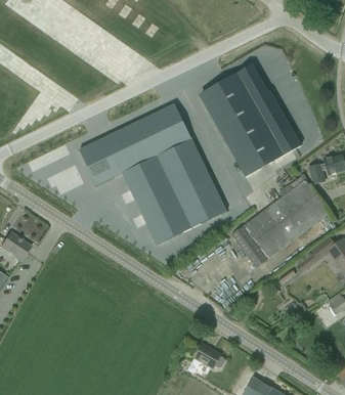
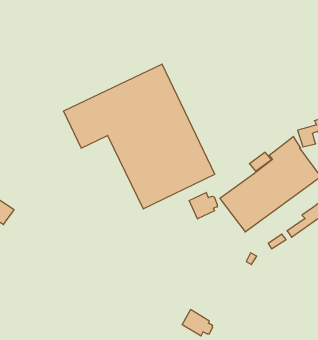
building: [200,63,301,175] -> none
building: none -> [189,192,217,219]

